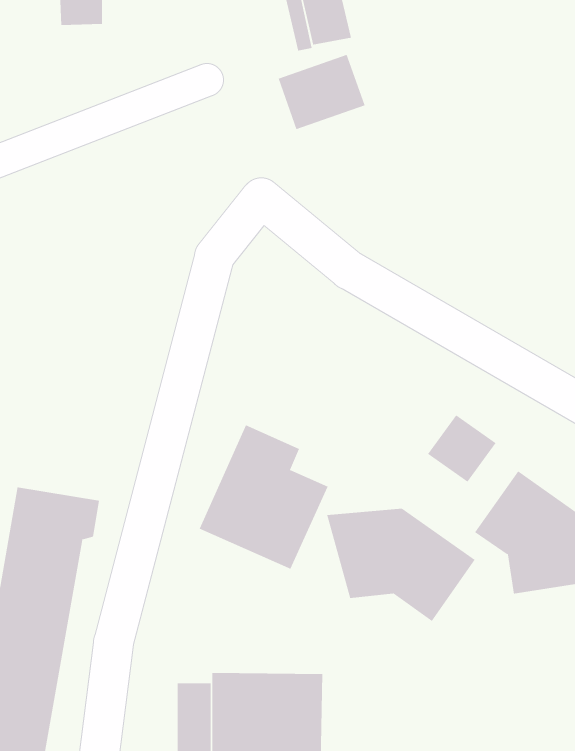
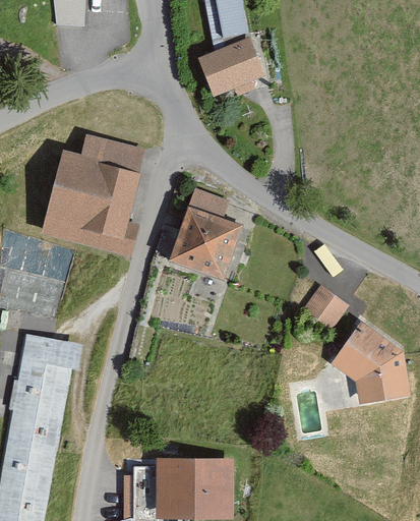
building: none -> [43,134,145,252]
building: [199,425,329,569] -> [162,183,249,281]
building: [327,508,476,622] -> none

